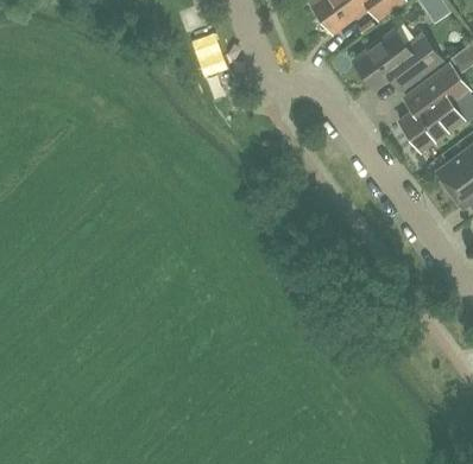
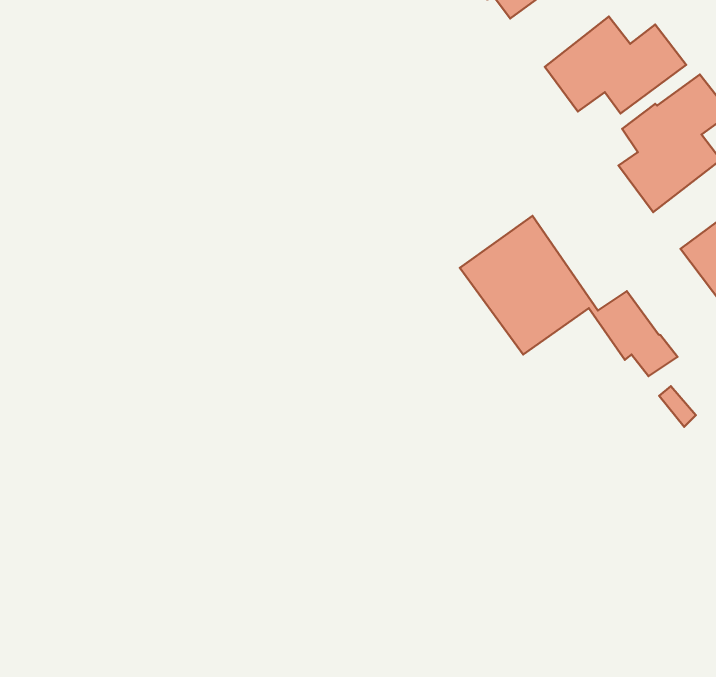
building: none -> [460,216,678,376]

